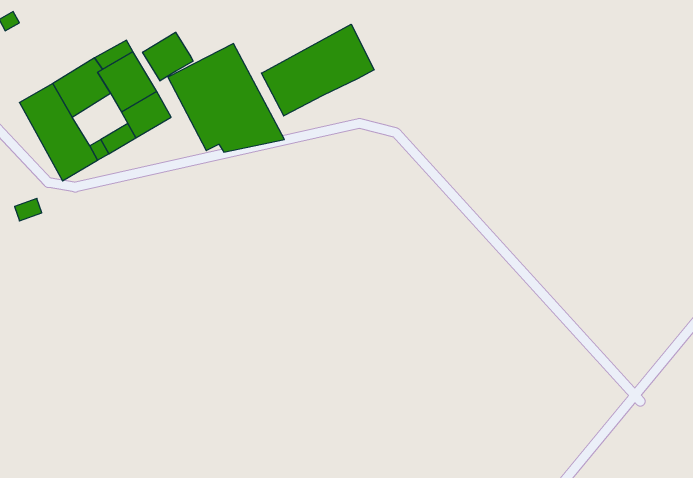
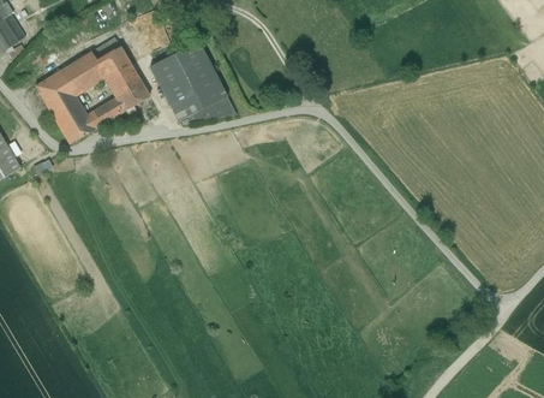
building: [261,24,374,116] -> none
building: [143,32,193,81] -> none

